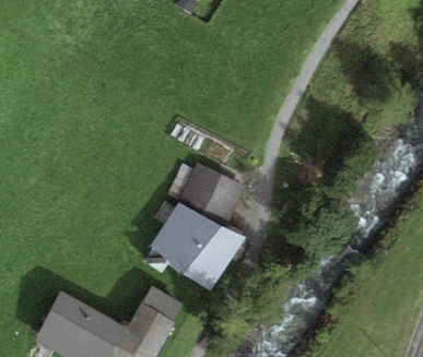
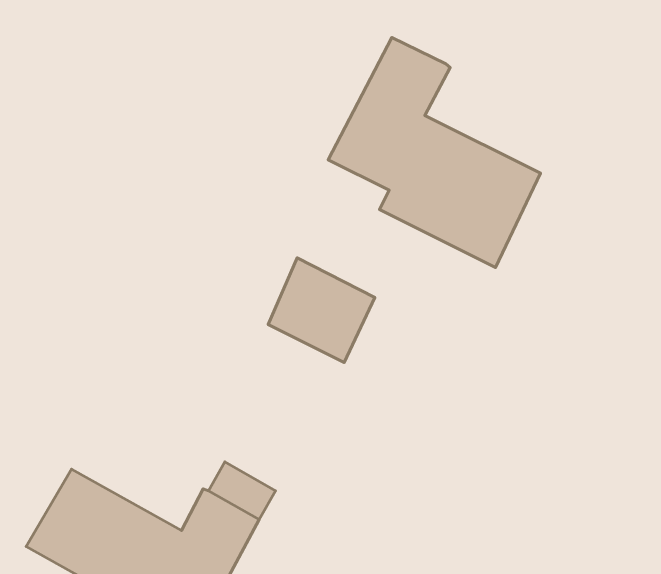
building: none -> [328,38,541,267]
building: [149,203,245,289] -> none

